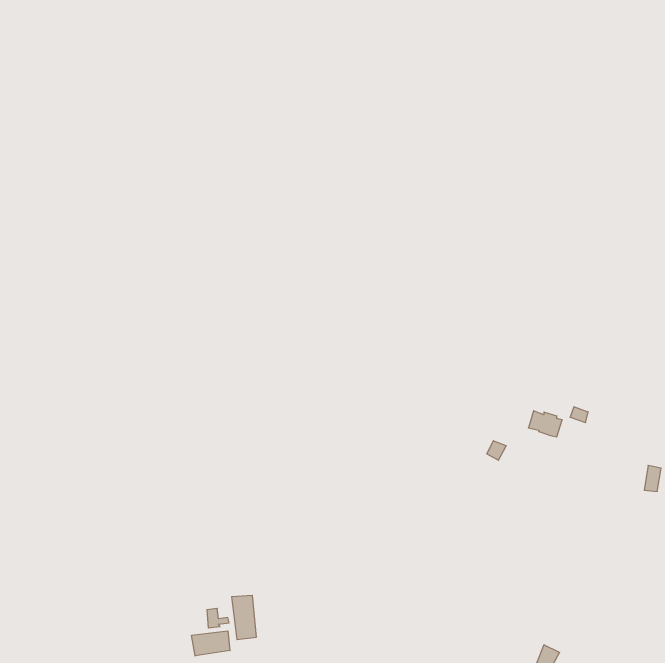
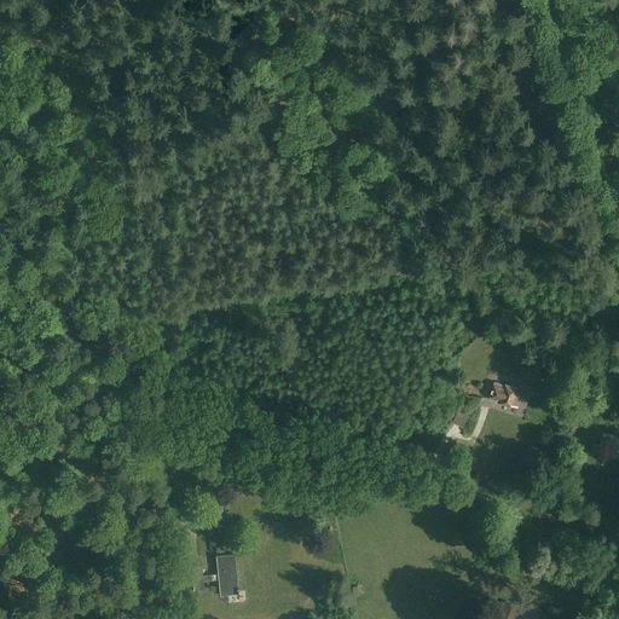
building: [192,631,230,656] -> none

